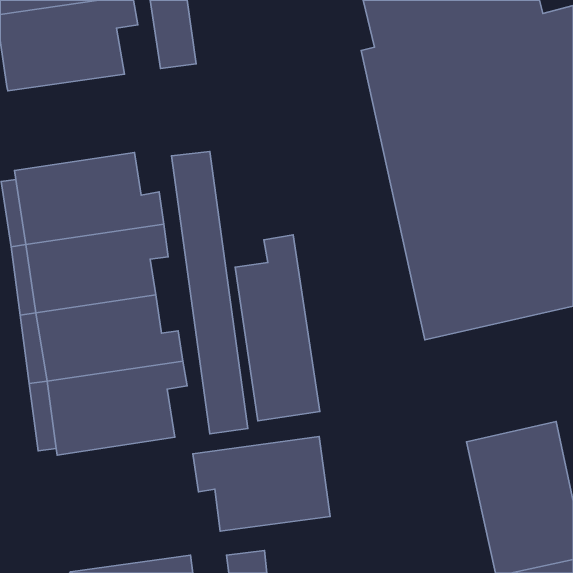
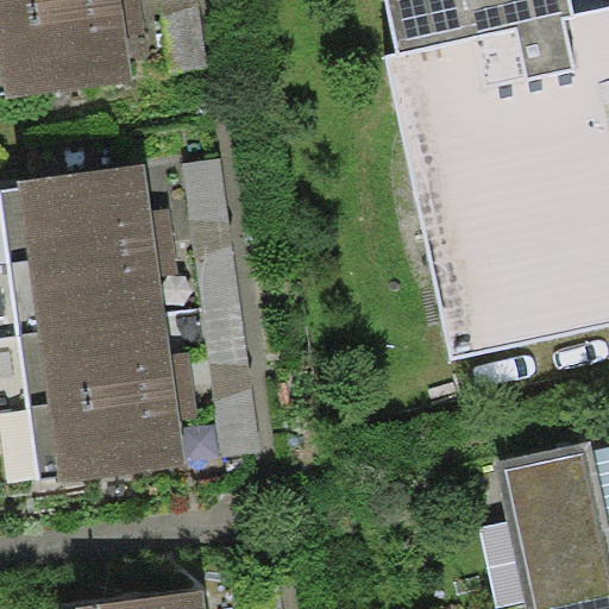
building: [235,235,320,421] -> none
building: [193,436,330,531] -> none

